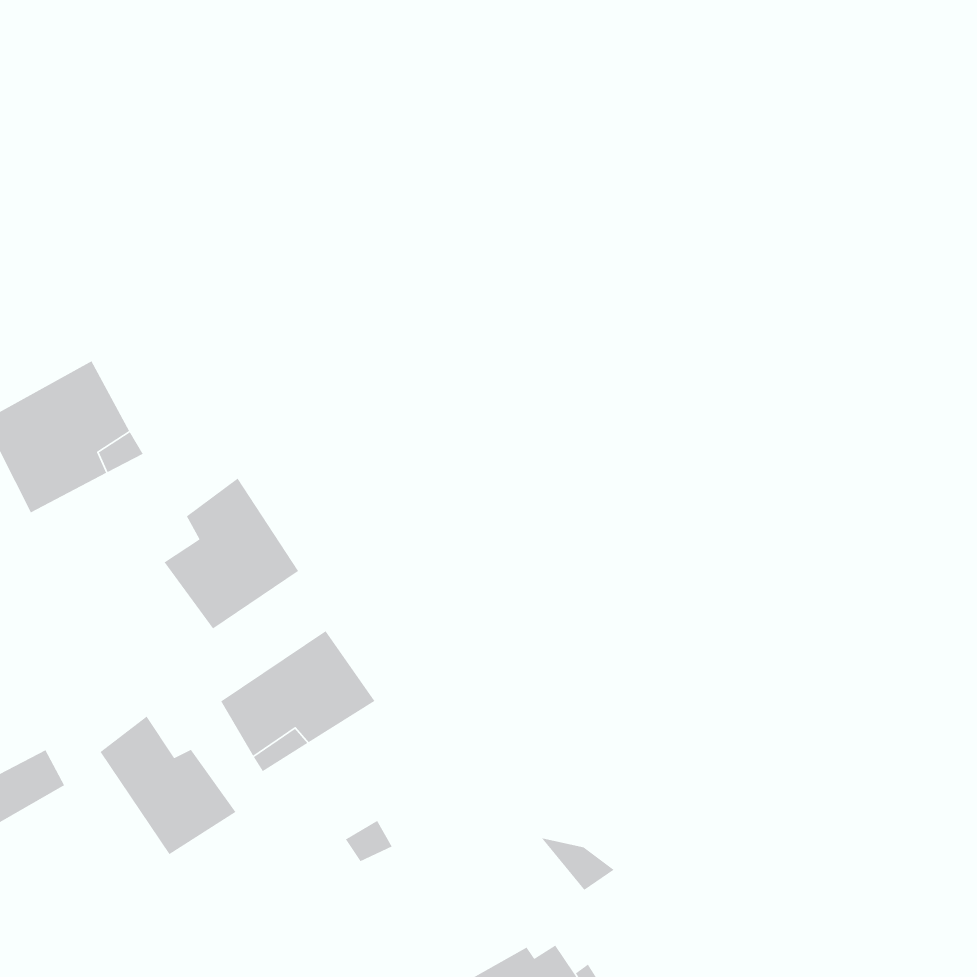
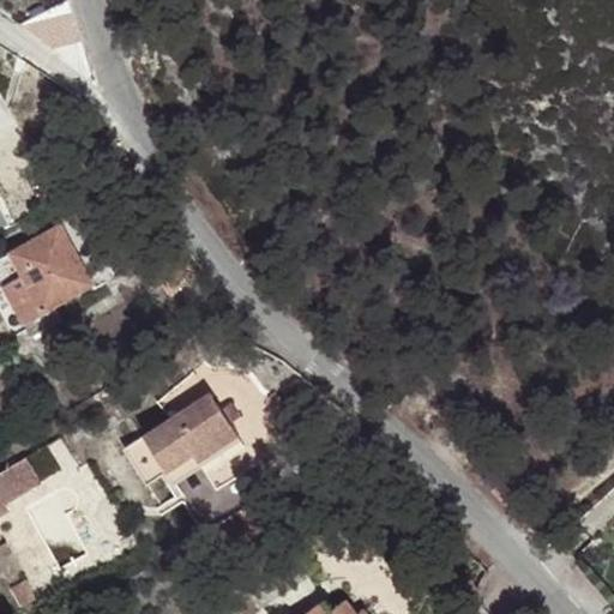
building: [164,477,299,629] -> none
building: [100,715,237,855] -> none

